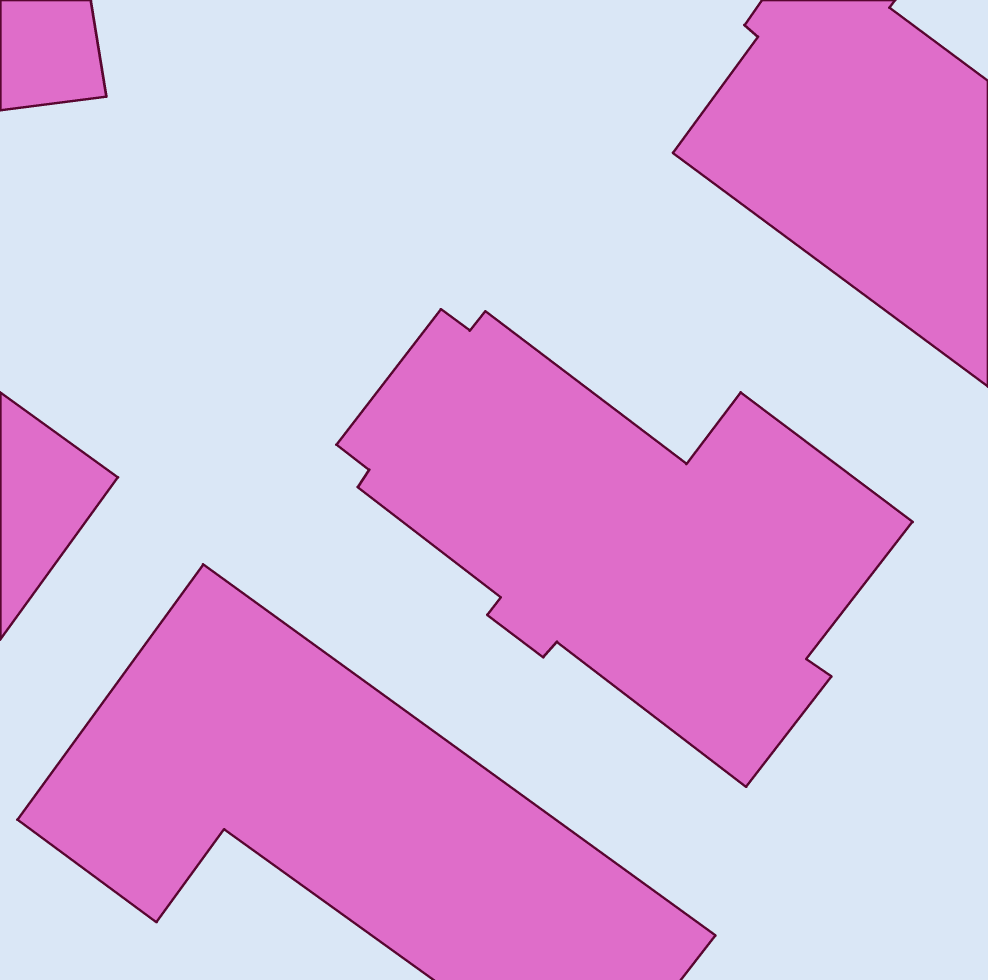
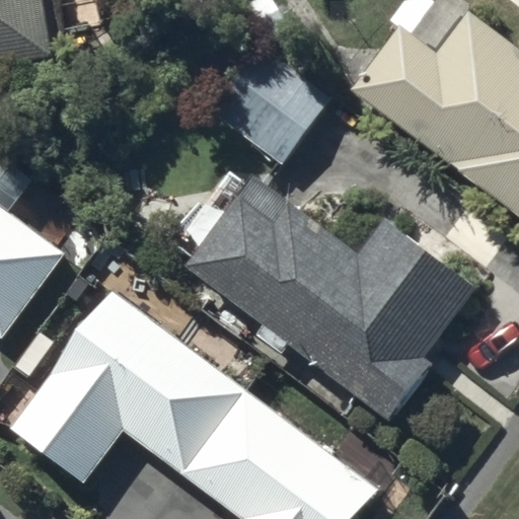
building: none -> [216,45,333,161]

